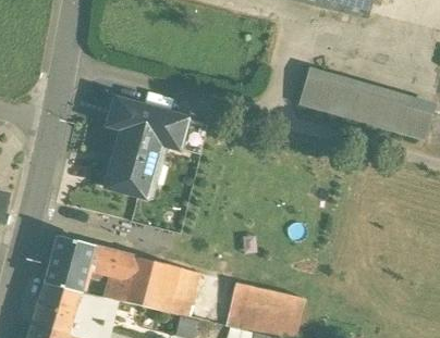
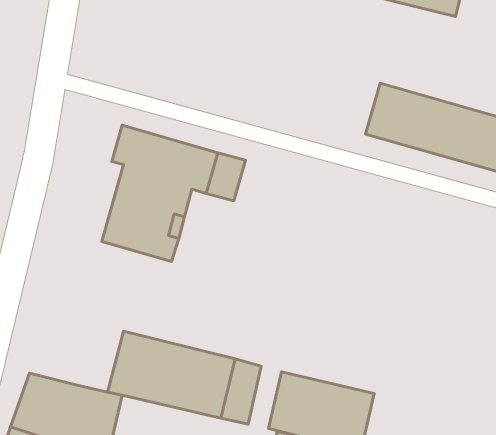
building: [45,236,115,291] -> none

